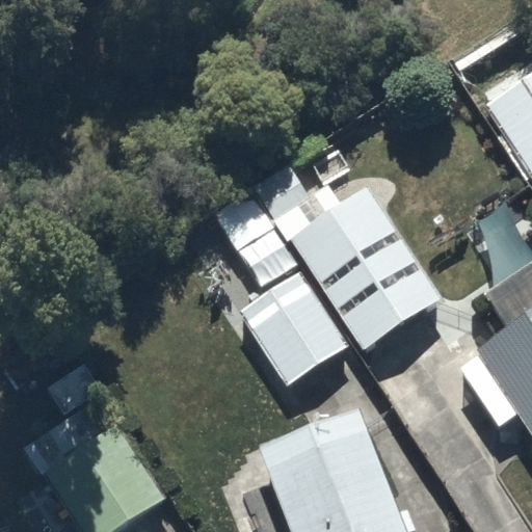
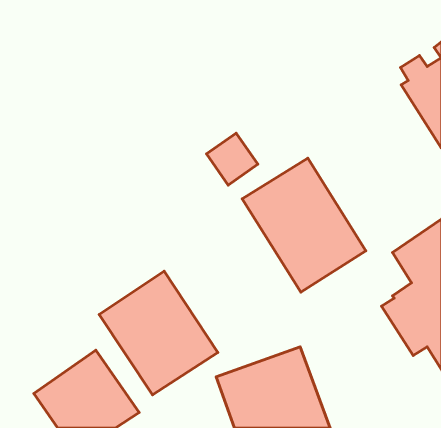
building: [237,269,348,385] -> none
building: none -> [99,271,218,395]

